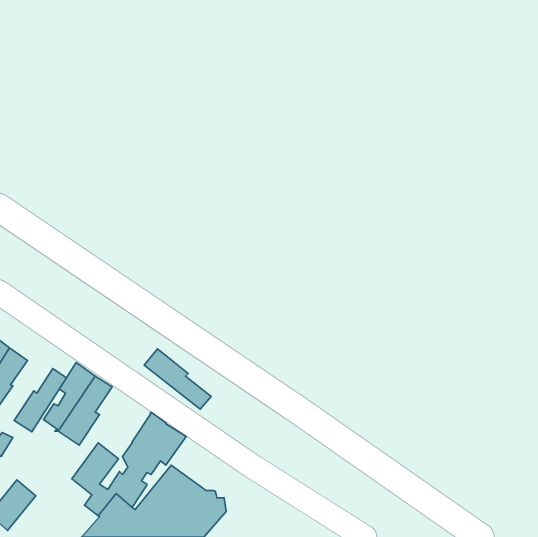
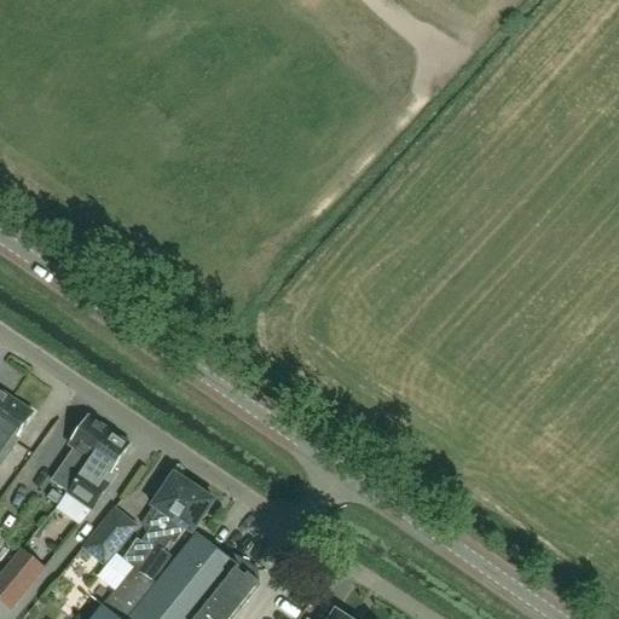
building: [144,349,211,409] -> none
building: [14,368,66,432] -> none

